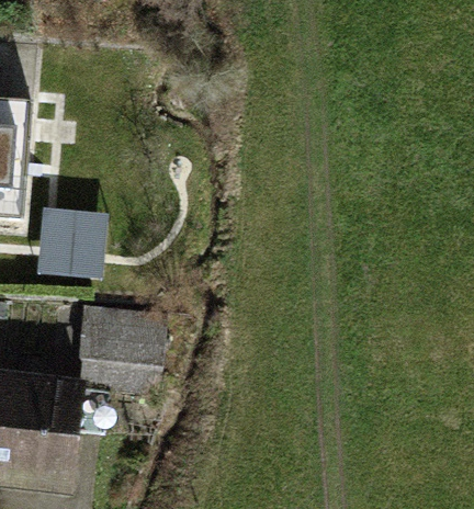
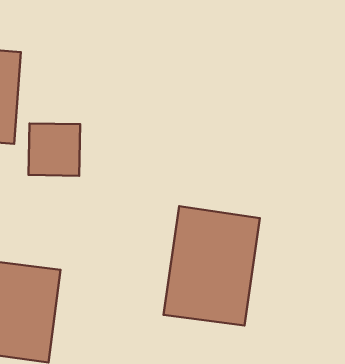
building: [76,303,170,384] -> none
building: none -> [164,206,260,326]

